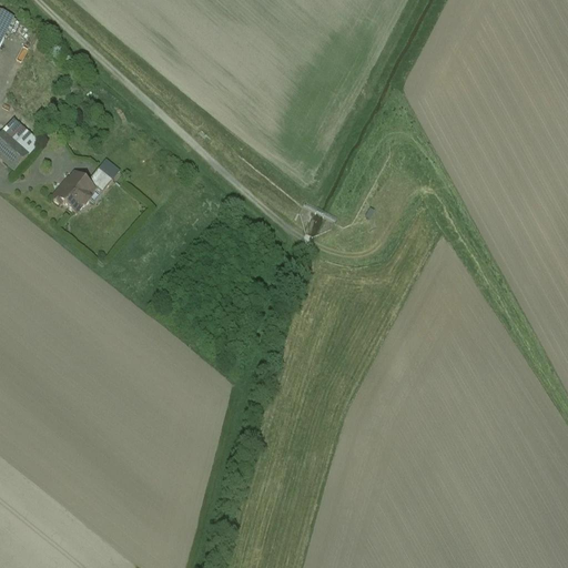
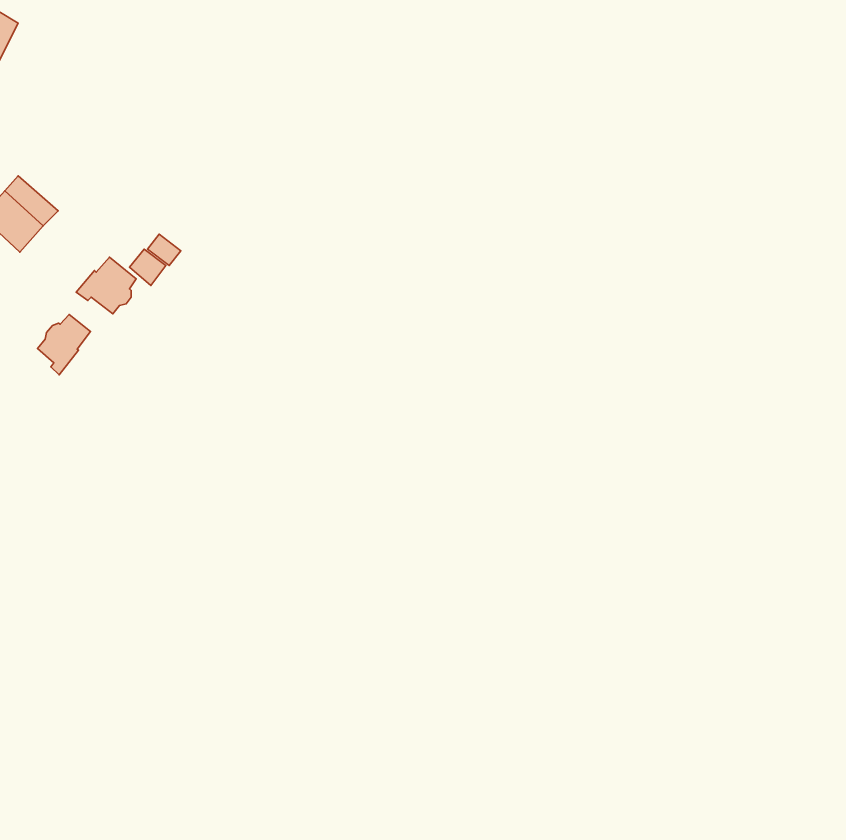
building: none -> [38,314,90,375]

